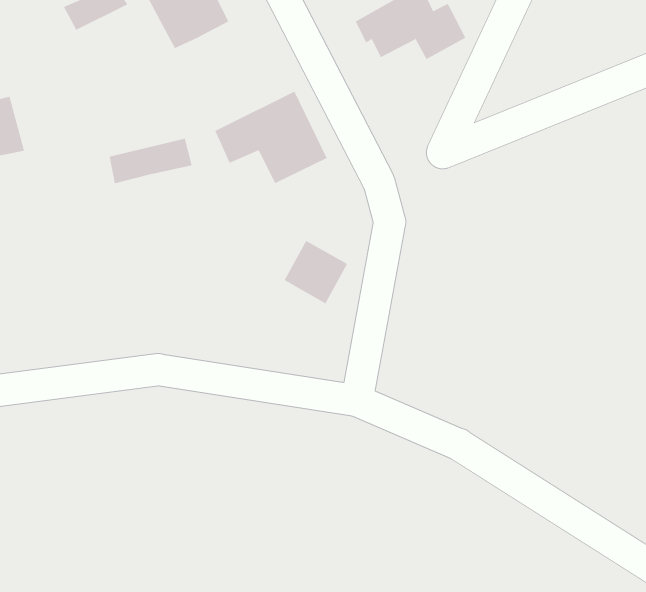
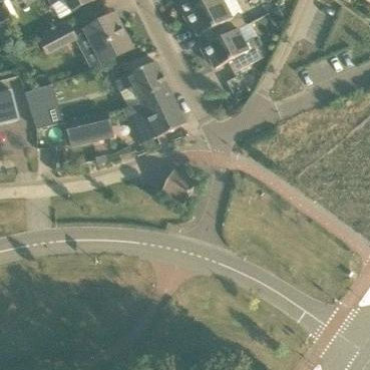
building: none -> [114,60,166,105]
building: none -> [24,83,62,127]

